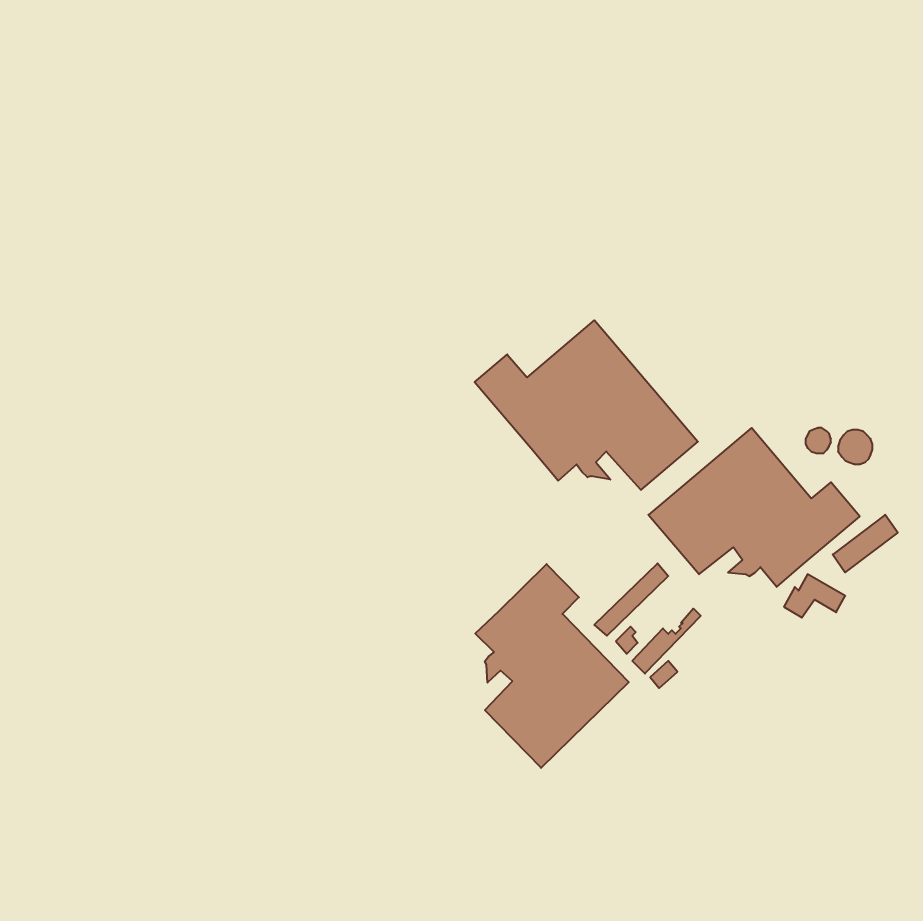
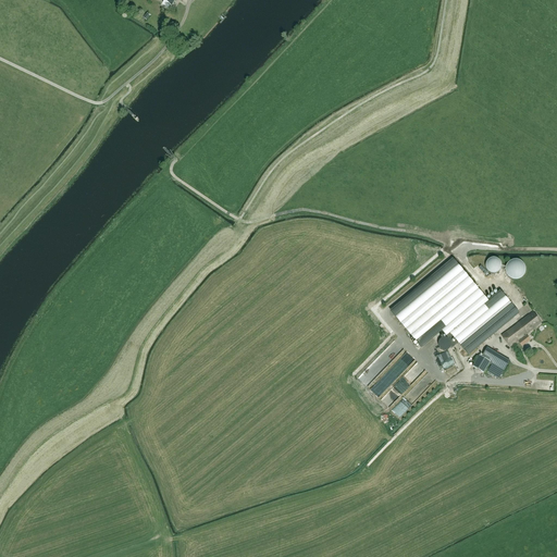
building: [475,320,698,490] -> none
building: [475,564,629,768] -> none

